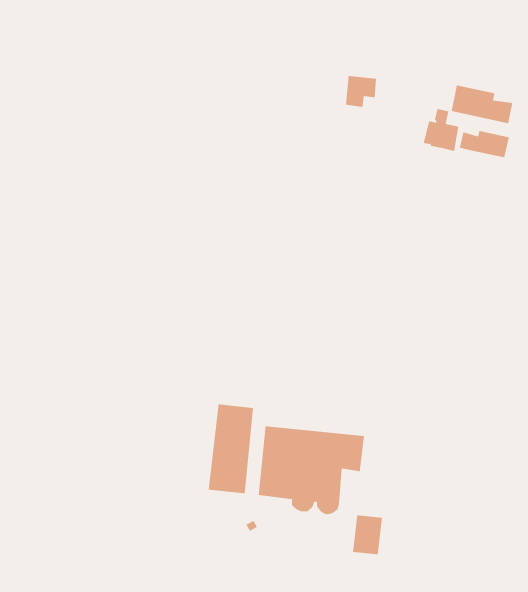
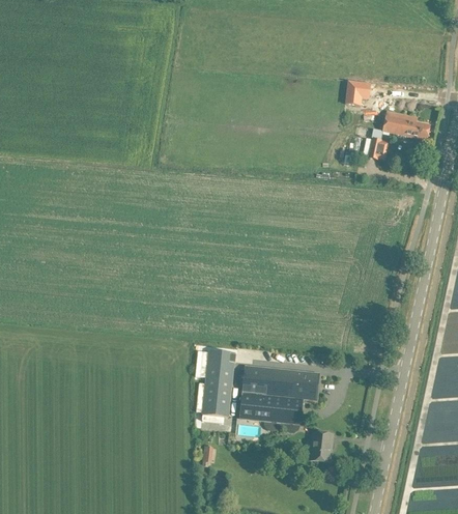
building: [345,76,377,108] -> [346,82,370,106]
building: [459,130,509,158] -> none

